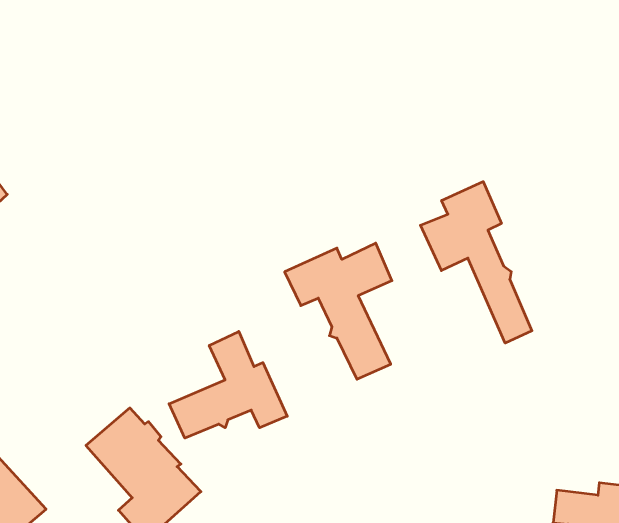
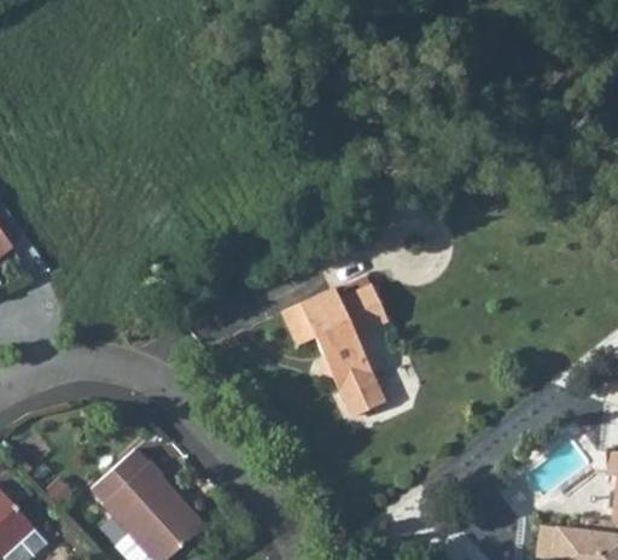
building: [420,182,532,343] -> none
building: [169,331,287,438] -> none

